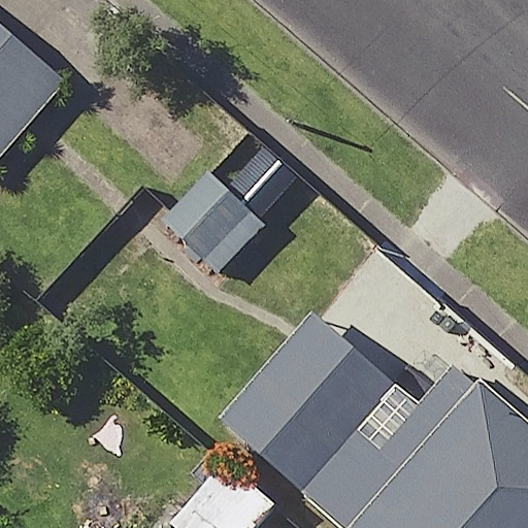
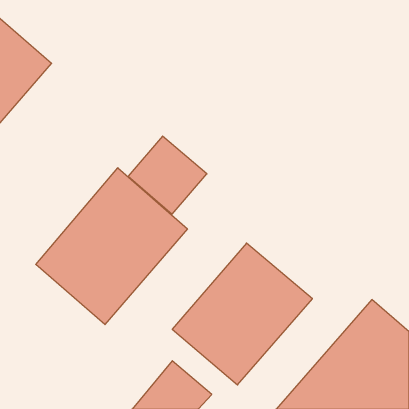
building: none -> [36,168,187,325]

